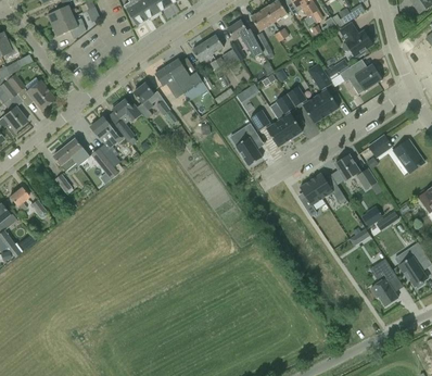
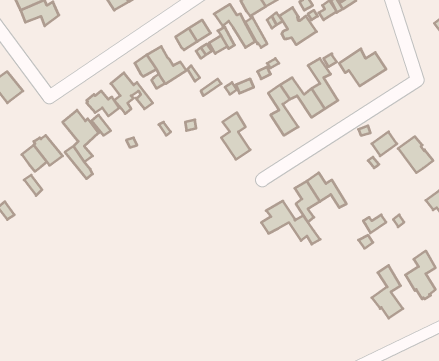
building: [340,22,373,55] -> [279,7,317,45]
building: [251,109,290,146] -> none
building: [330,154,383,193] -> [261,201,320,244]

